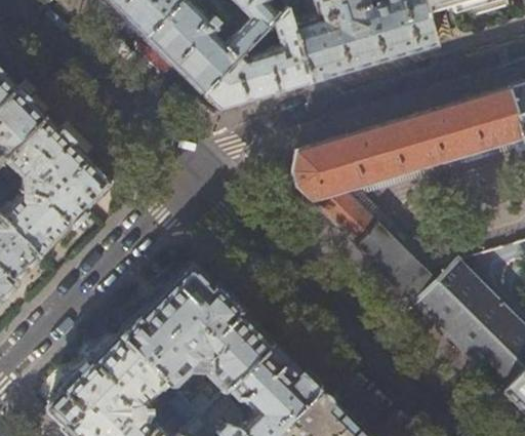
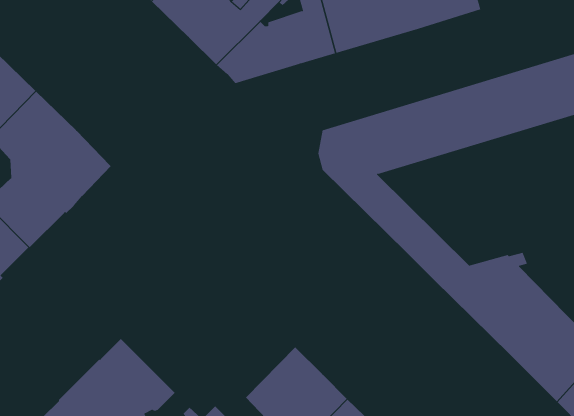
building: [118,262,272,393] -> none

